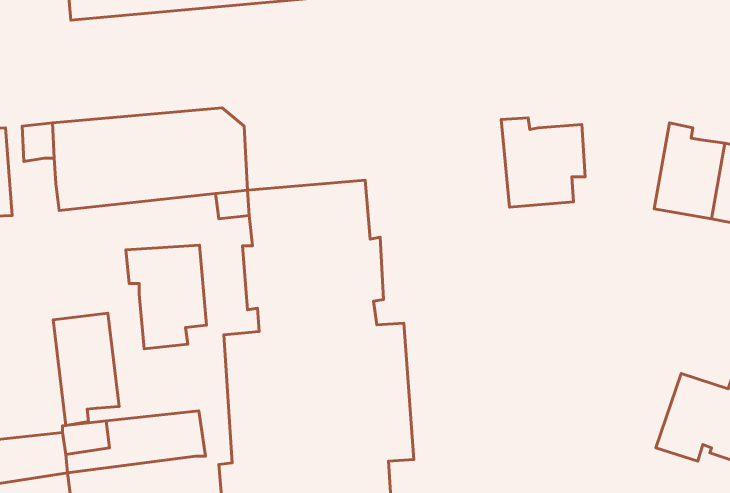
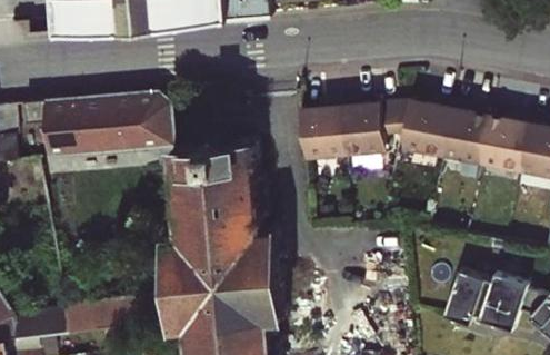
building: none -> [394,98,452,158]
building: none -> [301,99,347,160]
building: [126,245,207,349] -> none
building: [53,313,119,425] -> none

